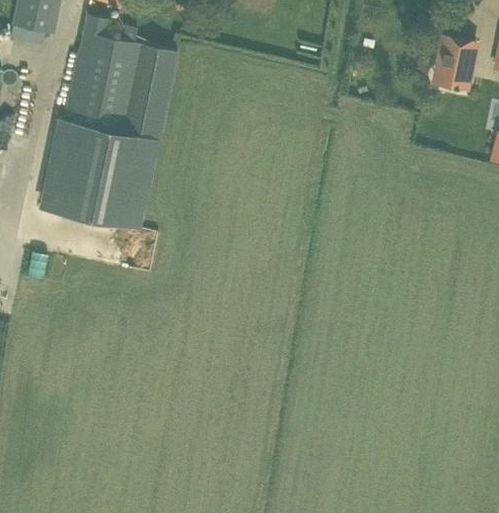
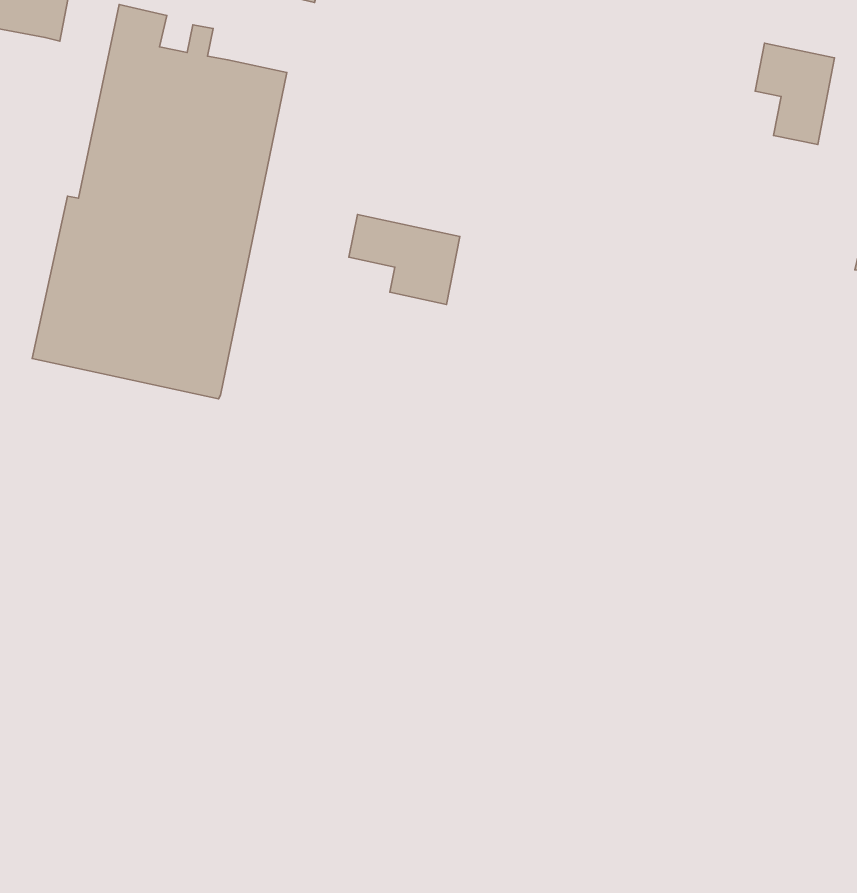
building: none -> [349,214,460,304]

